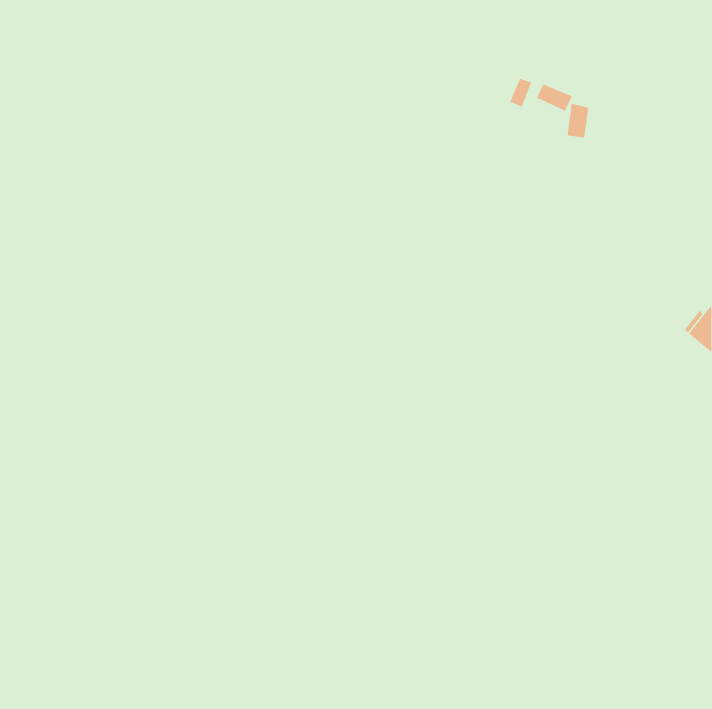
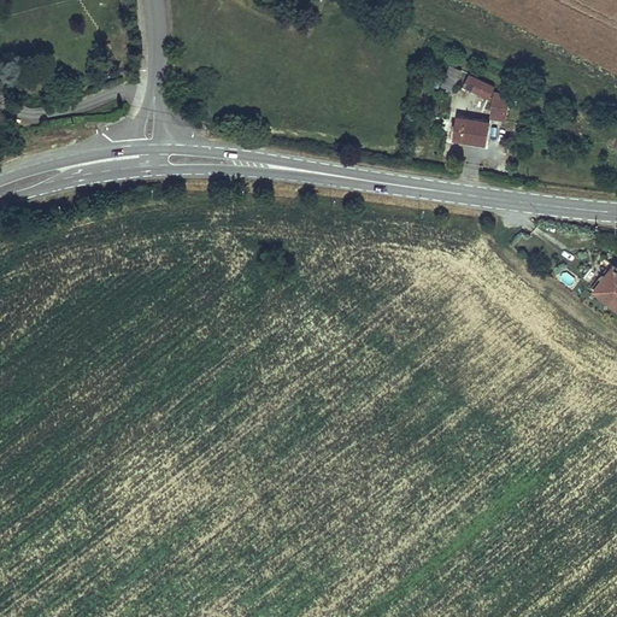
building: none -> [452,118,488,147]

